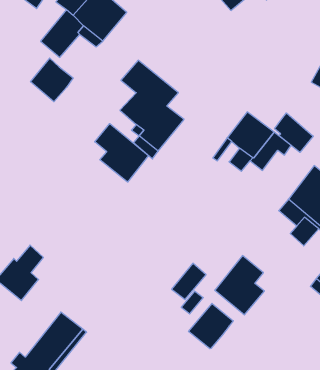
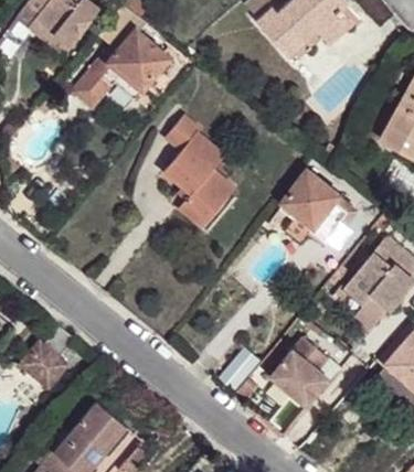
building: [31,58,73,102] -> none
building: [275,113,313,152] -> none
building: [95,124,148,182] -> none
building: [189,303,233,349] -> none

